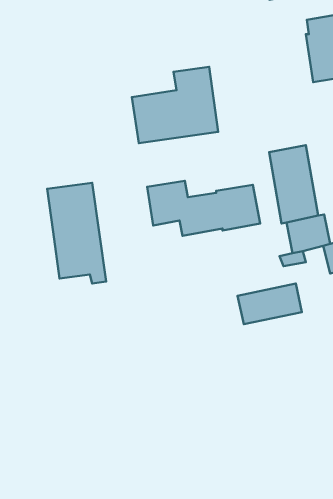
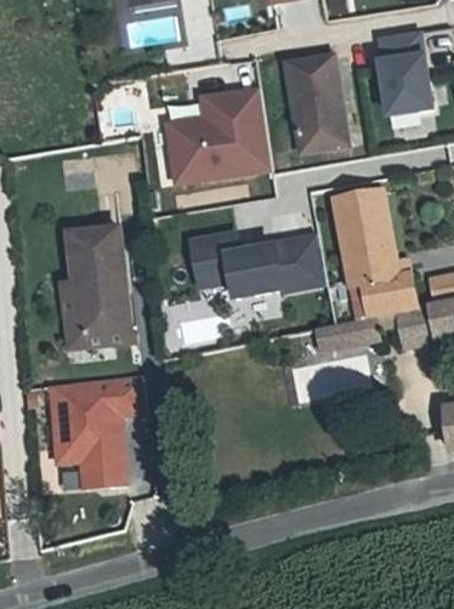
building: none -> [284,52,345,147]
building: none -> [63,288,120,355]
building: none -> [51,377,138,490]

